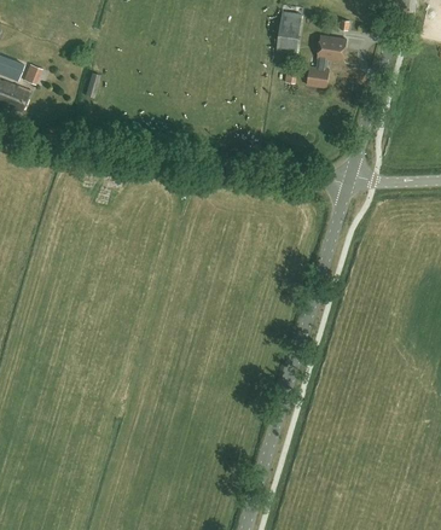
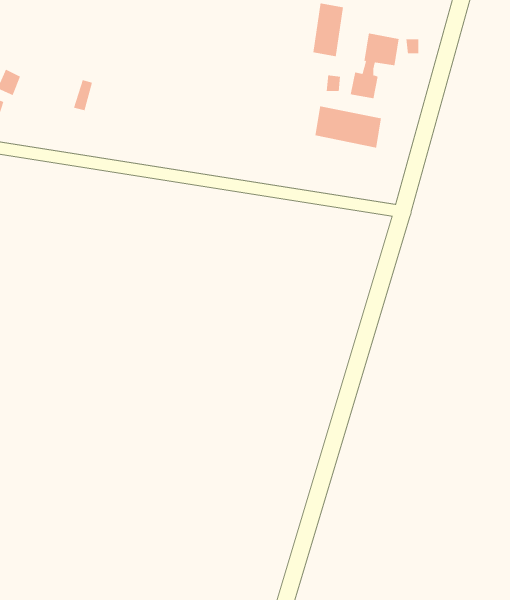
building: none -> [315,105,382,148]

